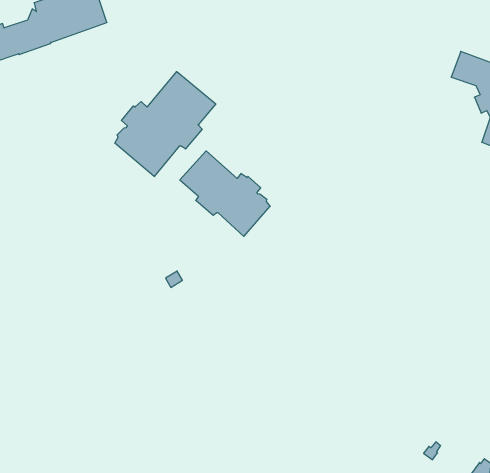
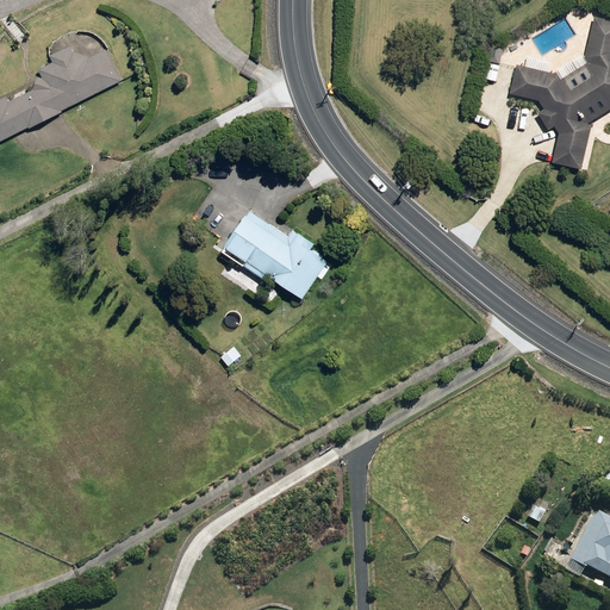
building: [115,72,216,177] -> none

